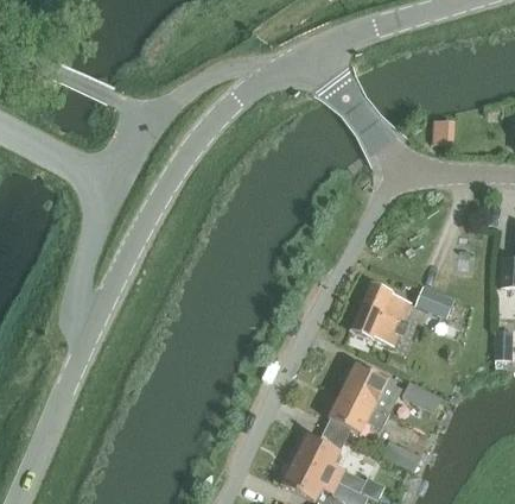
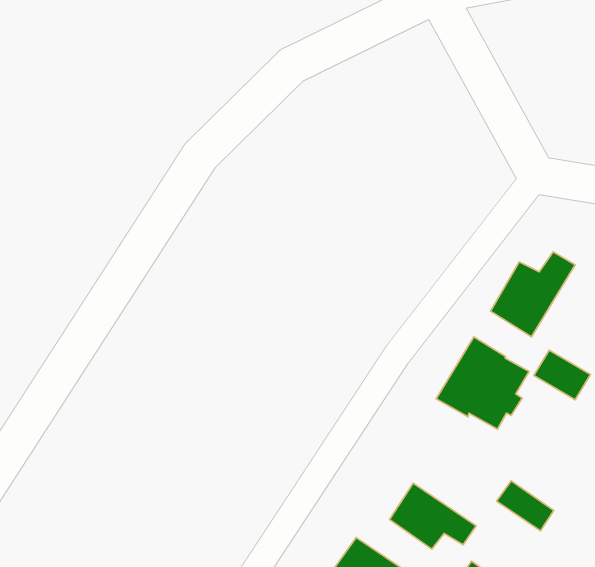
building: none -> [491,252,575,337]
building: [342,364,402,414] -> none

